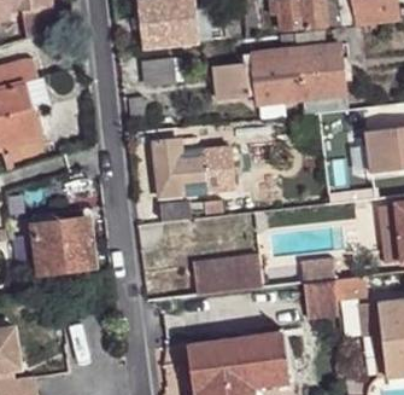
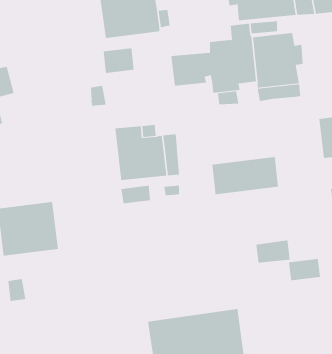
building: [193,254,263,294] -> [211,156,279,195]
building: [303,280,338,319] -> none

